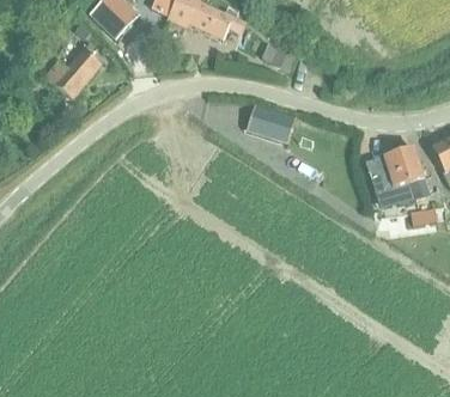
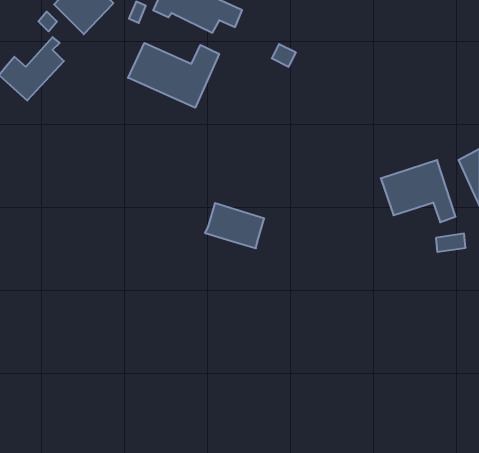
building: none -> [128,43,219,108]
building: [245,104,296,142] -> [205,203,264,248]

